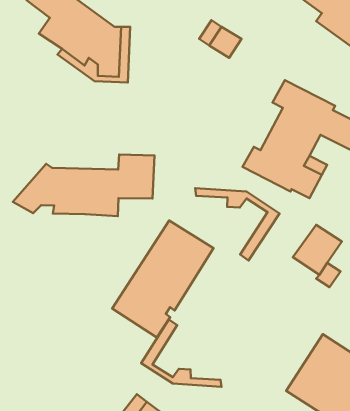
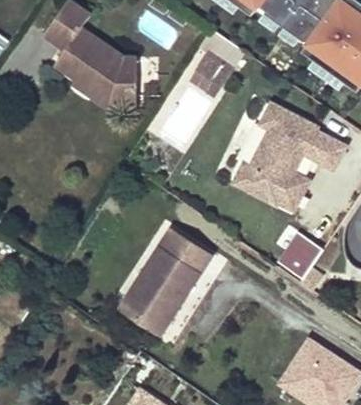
building: [13,155,154,216] -> none
building: [195,188,279,261] -> none
building: [141,319,222,387] -> none

